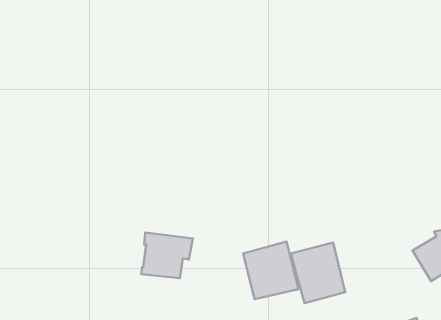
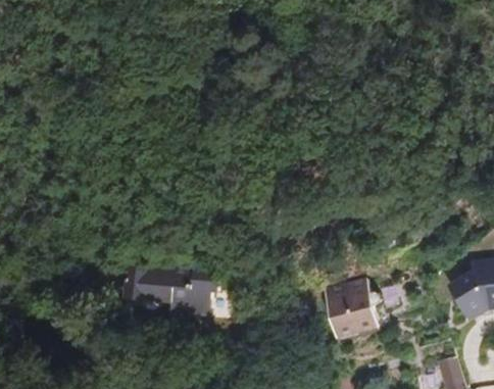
building: none -> [121,278,175,305]
building: [243,242,299,299] -> none

